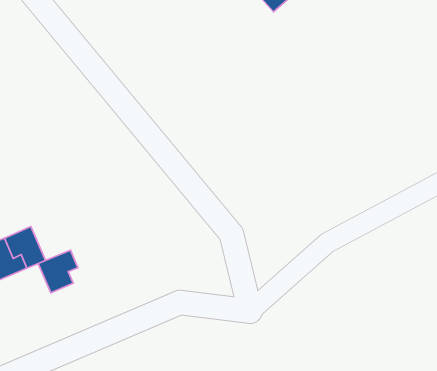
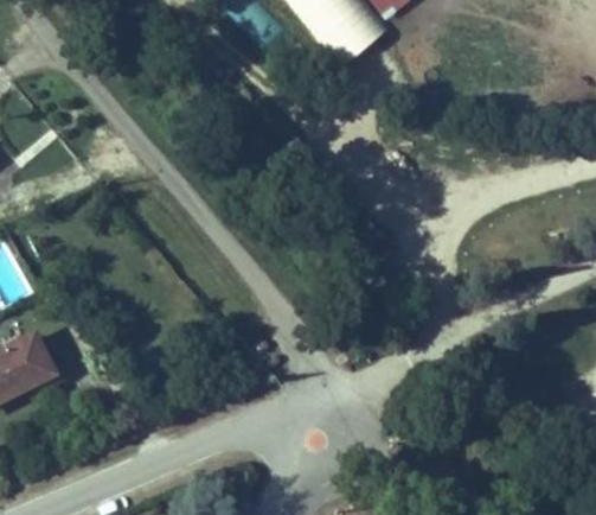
building: [38,250,78,293] -> none

